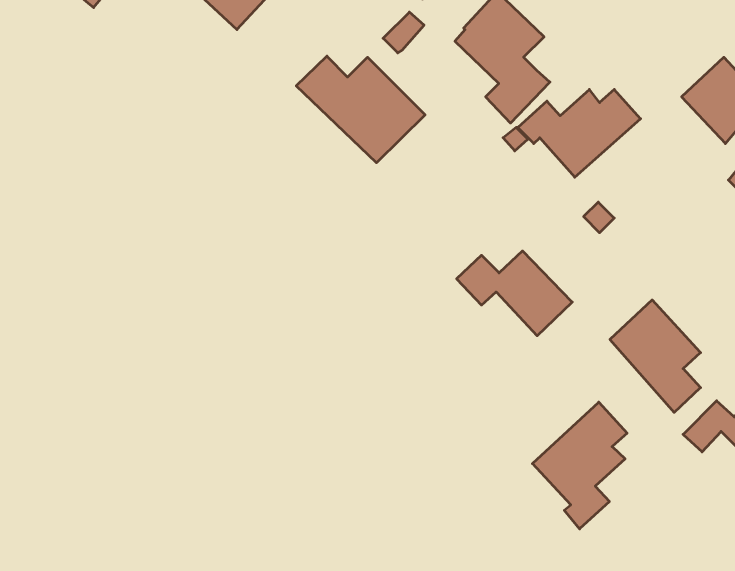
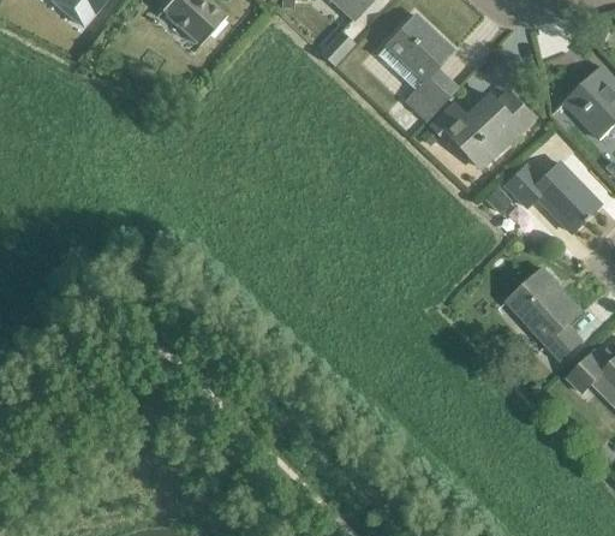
building: [296,56,425,163] -> none
building: [457,251,572,336] -> [504,161,599,231]
building: [532,402,627,529] -> none

